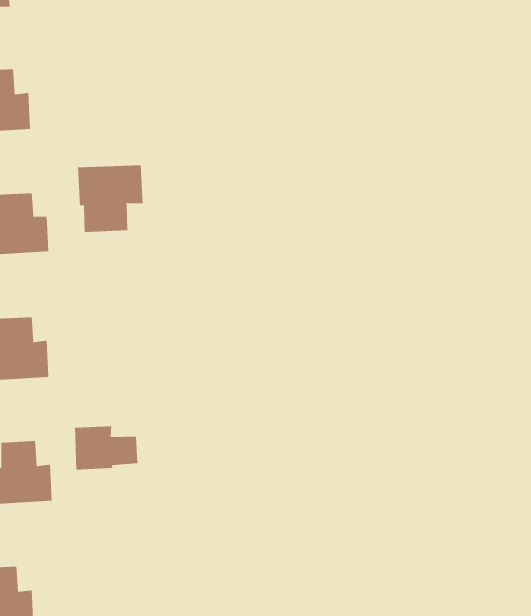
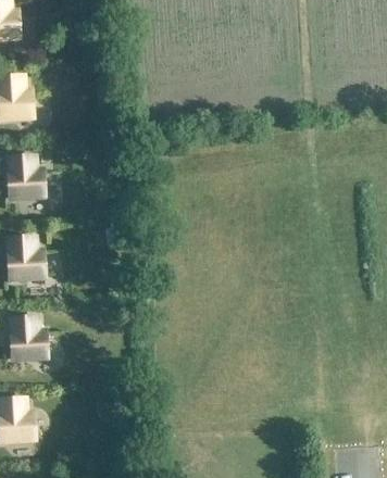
building: [78,165,143,233] -> none
building: [75,426,138,470] -> none

